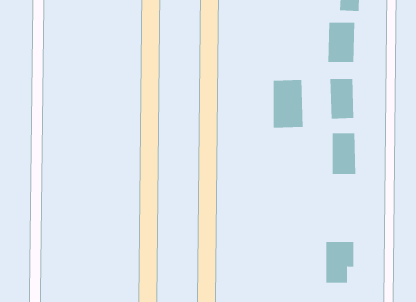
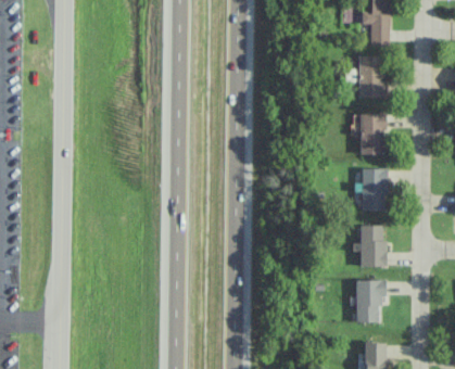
building: [273,79,303,128] -> none
building: none -> [359,225,386,267]

